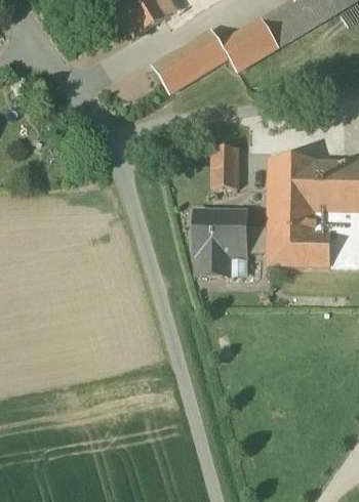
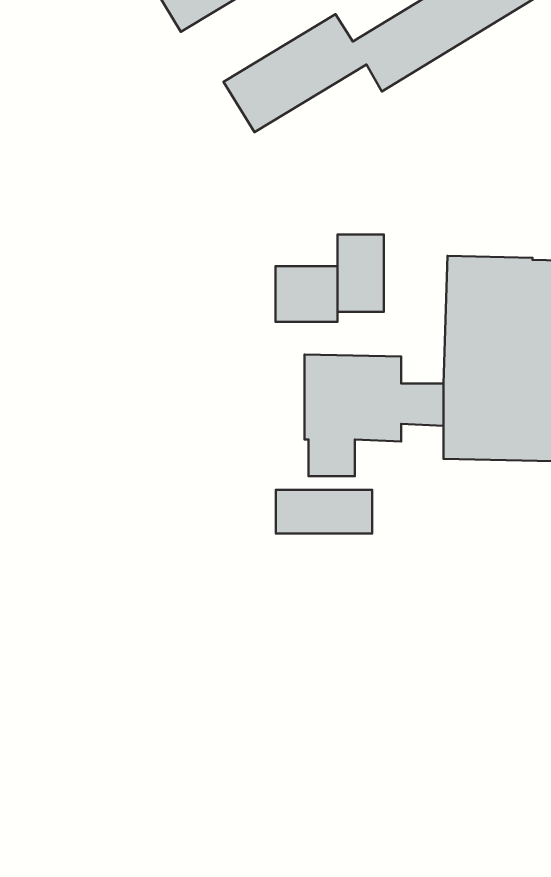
building: none -> [275,266,337,322]
building: none -> [276,490,372,534]

